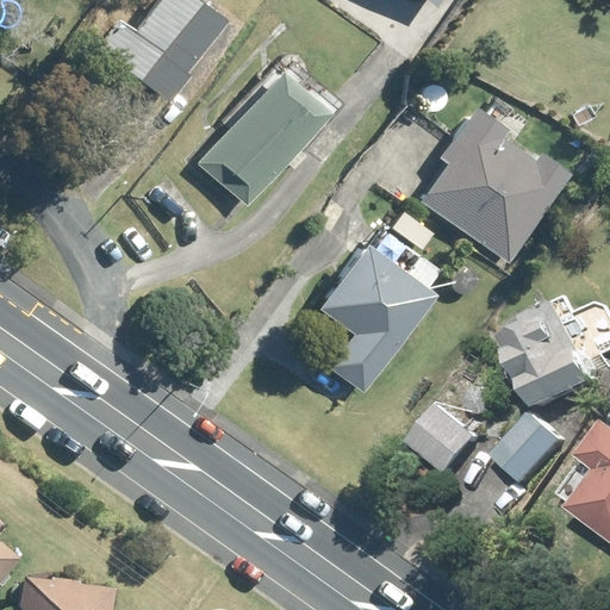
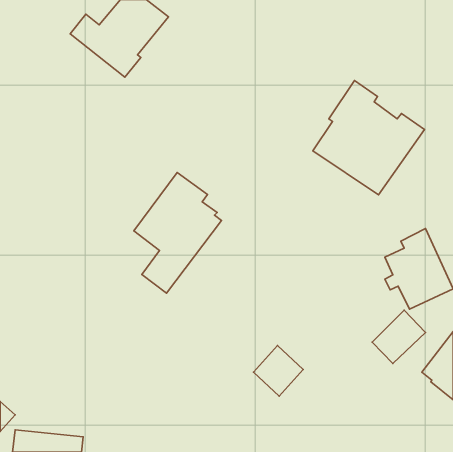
building: [197,69,330,206] -> none
building: [318,230,436,392] -> [134,172,222,293]
building: [417,410,484,478] -> [254,346,303,396]

